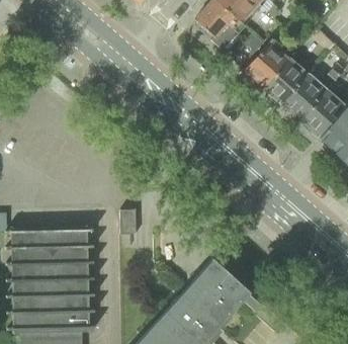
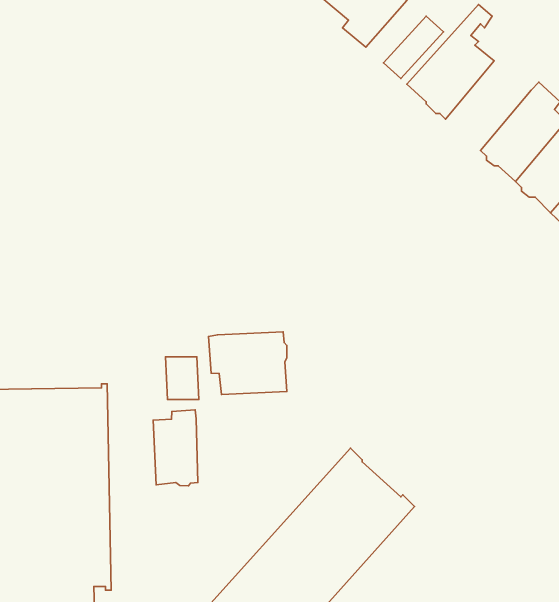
building: [264,53,309,104] -> none
building: none -> [208,332,287,394]
building: none -> [153,410,198,486]

